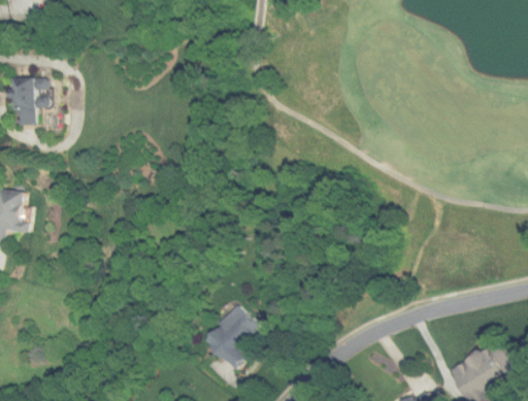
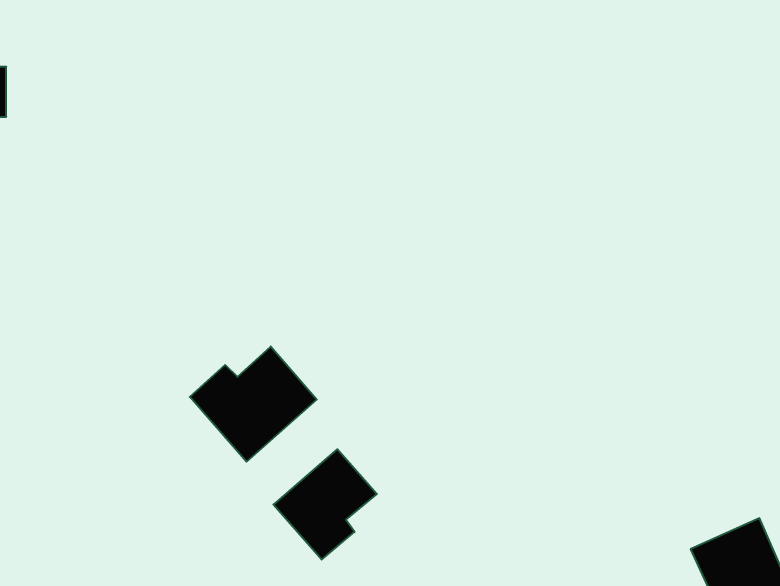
building: none -> [190,346,317,462]

